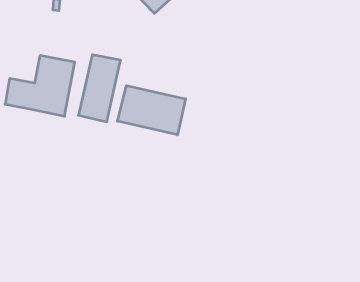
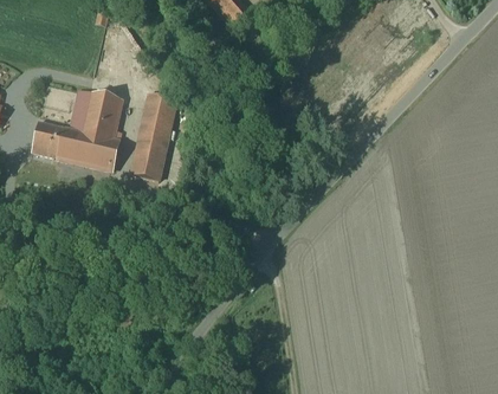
building: [117,86,186,135] -> none

